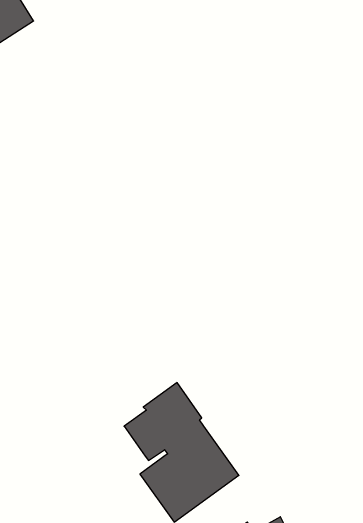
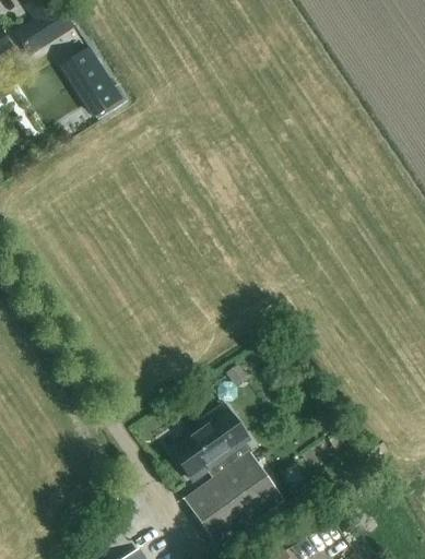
building: none -> [61,48,125,119]

